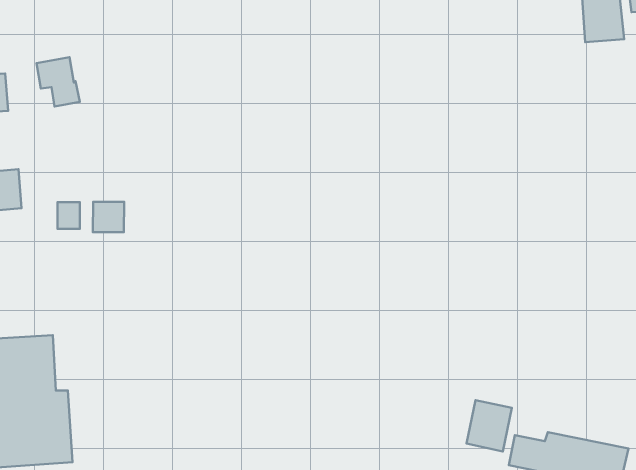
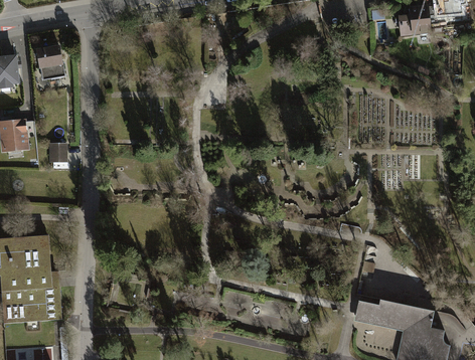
building: [93,202,124,232] -> none
building: [467,400,512,451] -> none

